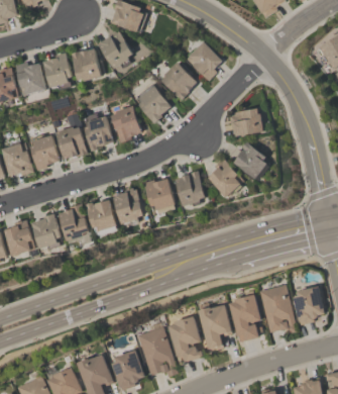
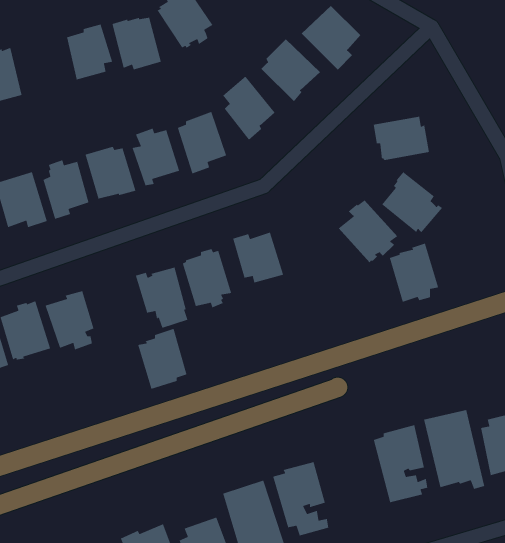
building: [14,62,45,95] -> none
building: [175,170,205,206] -> [389,243,439,303]
building: [59,203,89,240] -> [137,328,188,390]
building: [198,304,231,352] -> none

